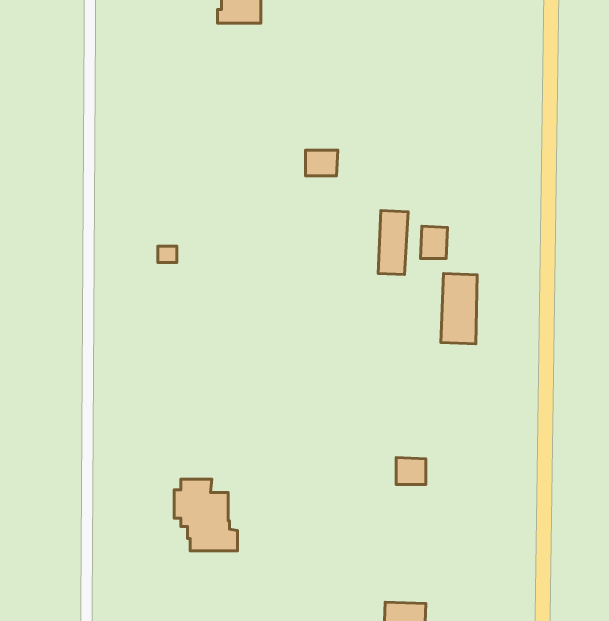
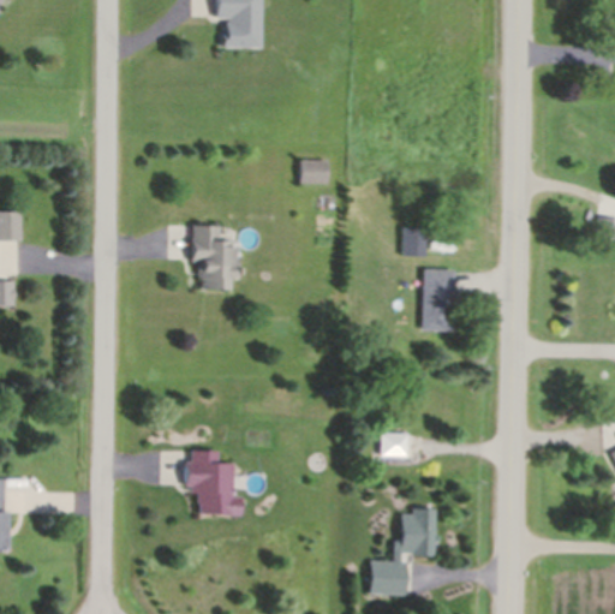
building: [378,211,408,274] -> none
building: none -> [191,223,239,288]
building: none -> [395,507,437,555]

